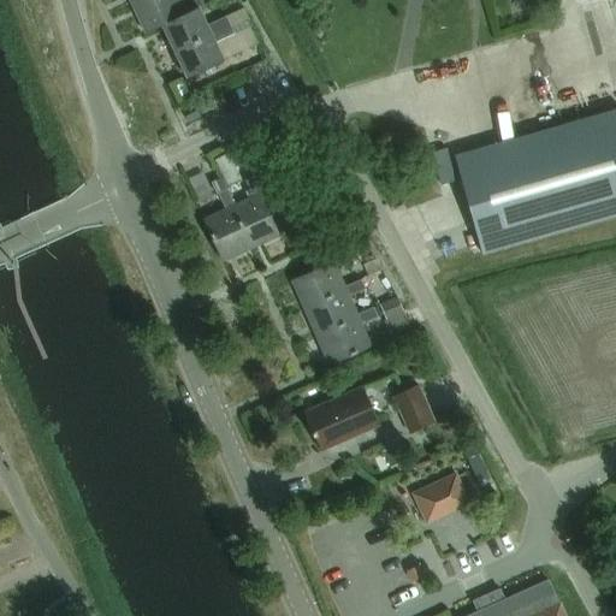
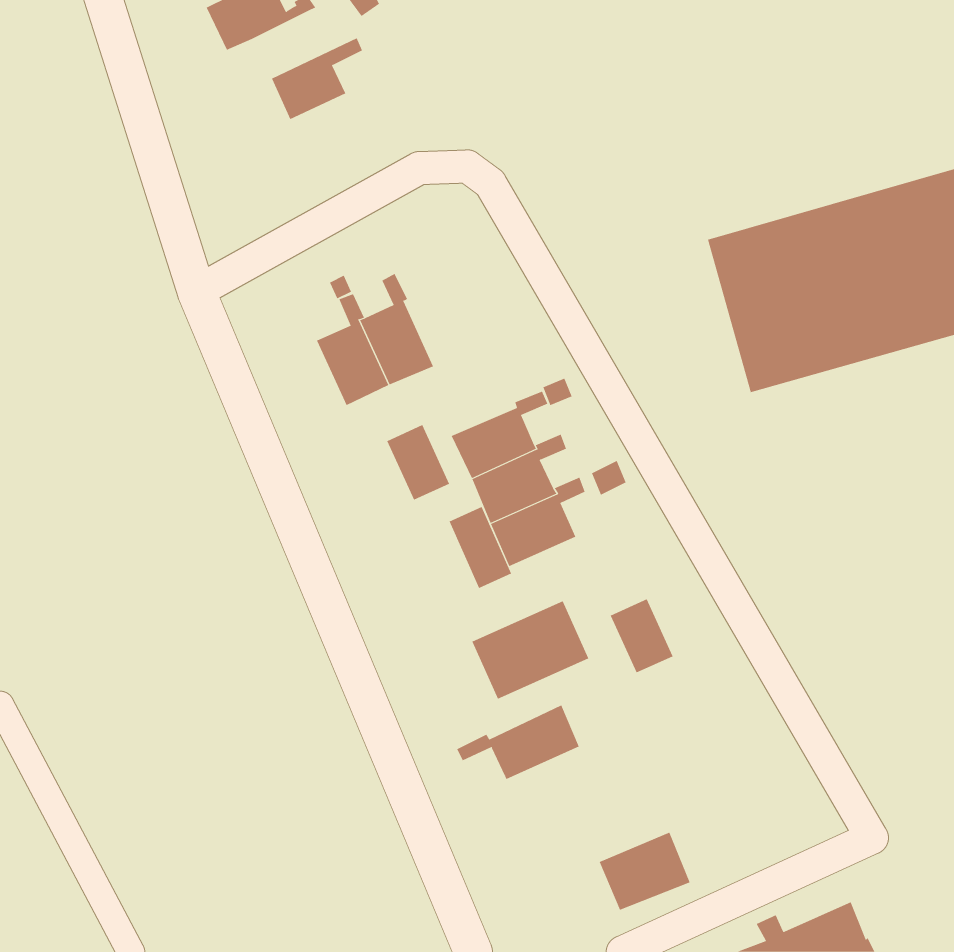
building: [164,7,231,51] -> none
building: none -> [387,424,450,501]
building: none -> [449,506,512,589]
building: none -> [456,705,579,780]
building: [419,468,478,519] -> [599,832,691,910]

